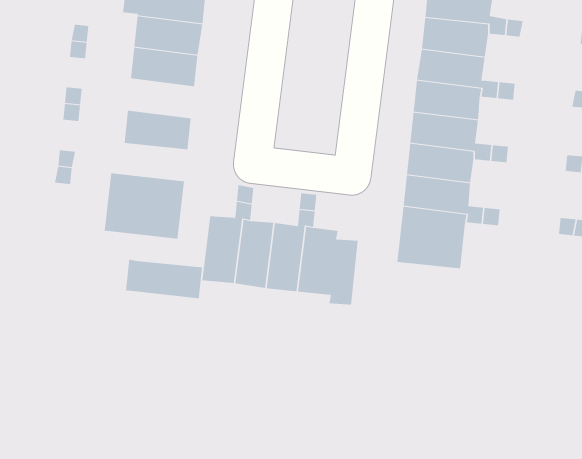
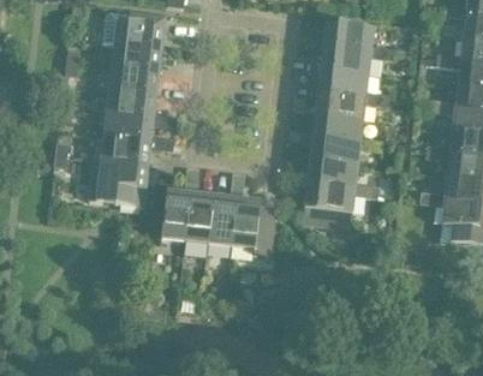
building: none -> [106,89,155,118]
building: [125,259,203,299] -> [94,135,150,163]

